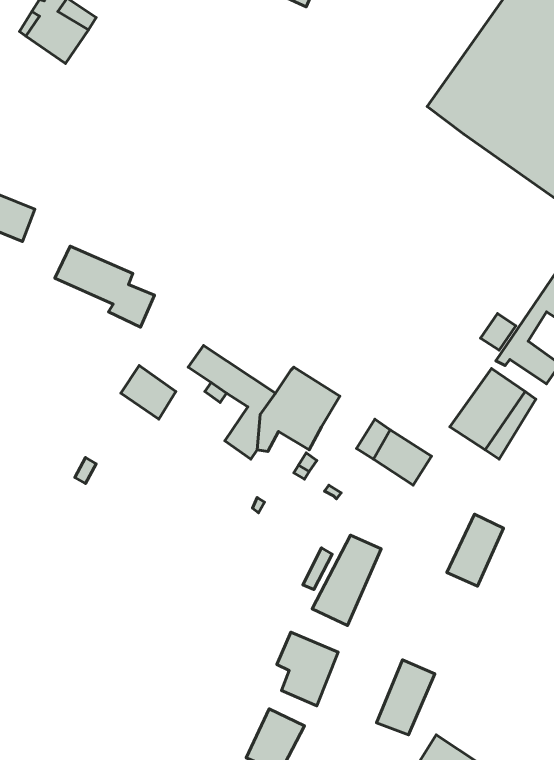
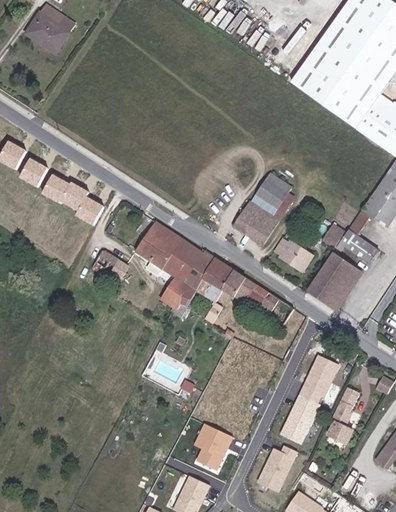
building: none -> [25,155,58,187]
building: none -> [232,172,294,244]
building: none -> [145,220,202,268]
building: none -> [274,238,313,272]
building: none -> [222,270,257,304]
building: [312,535,381,626] -> [279,385,324,444]
building: none -> [328,387,358,444]

